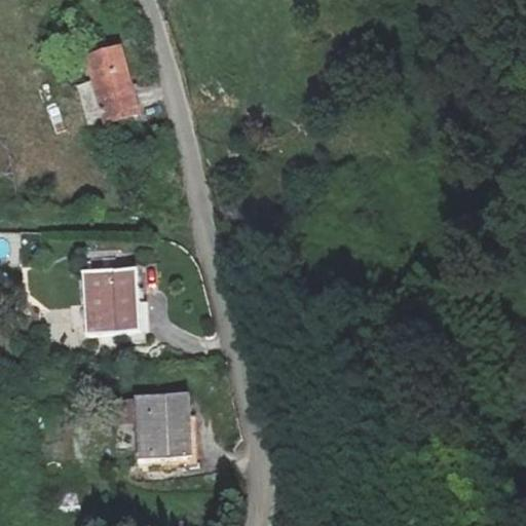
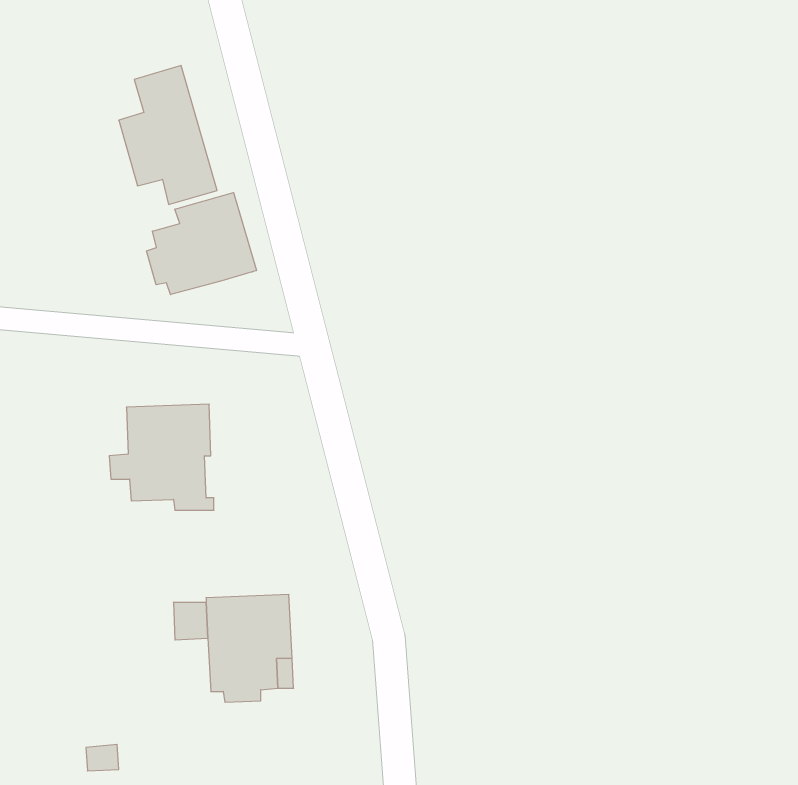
building: none -> [147,193,256,295]

